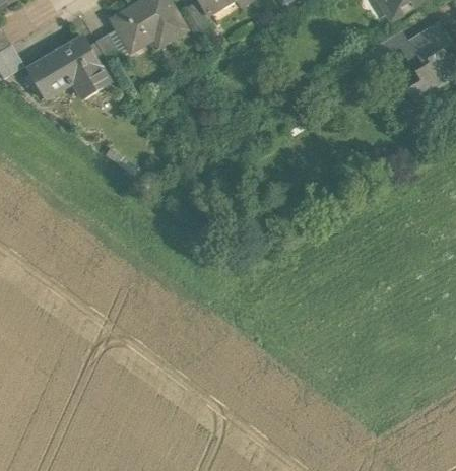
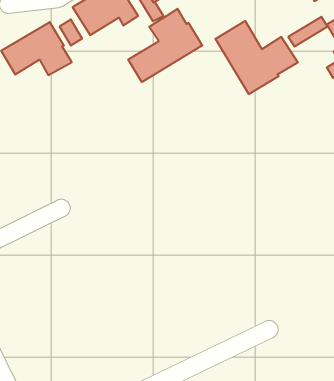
building: none -> [128,9,202,82]
building: none -> [215,21,298,94]

